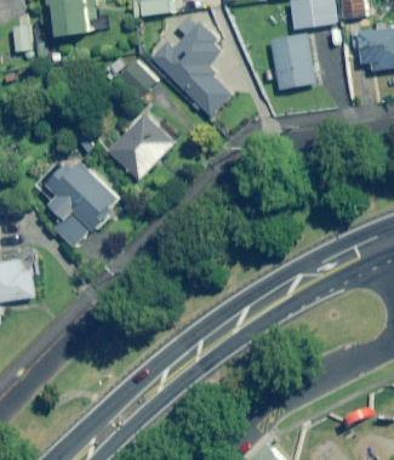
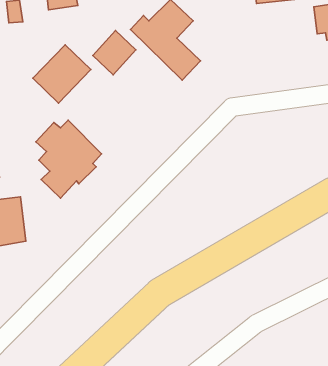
building: [269,34,315,90] -> none
building: [109,114,175,180] -> [33,45,91,103]

